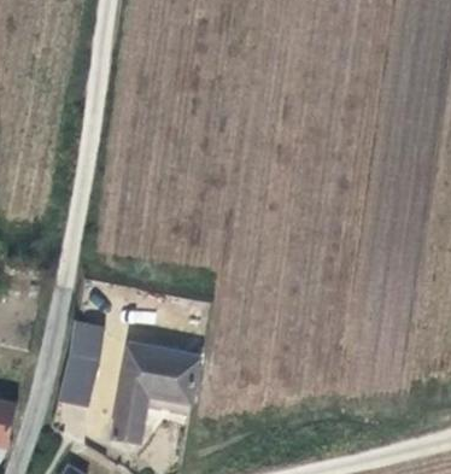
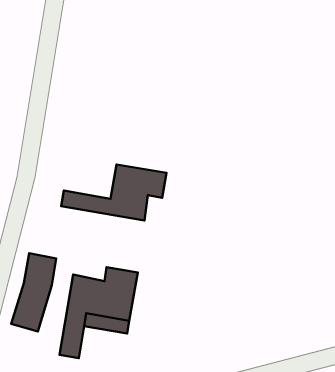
building: none -> [61,164,166,220]

